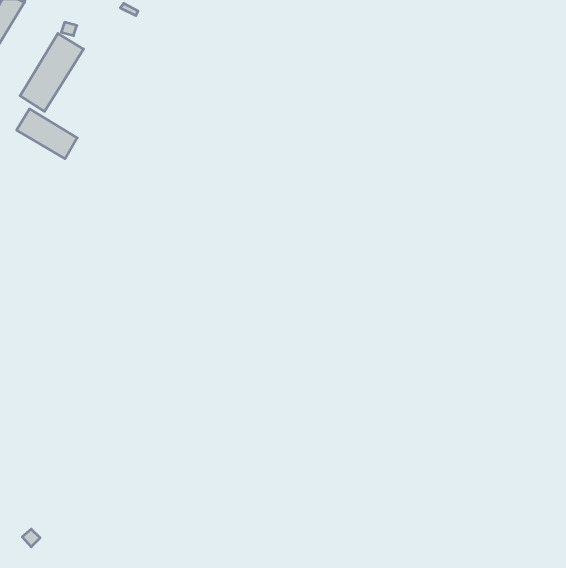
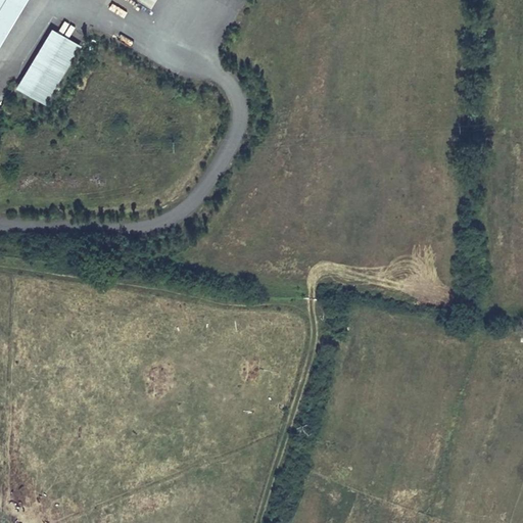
building: [17,109,77,159] -> none

